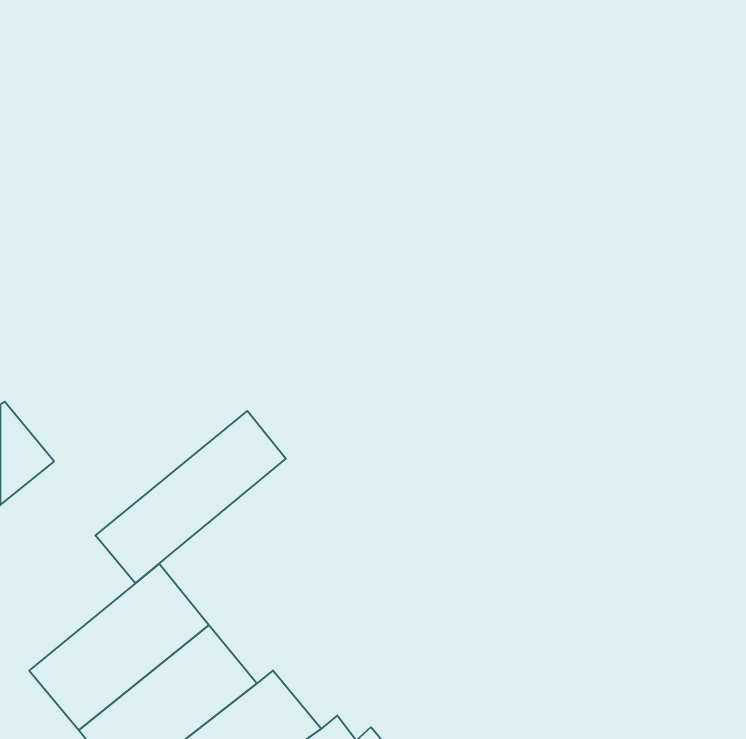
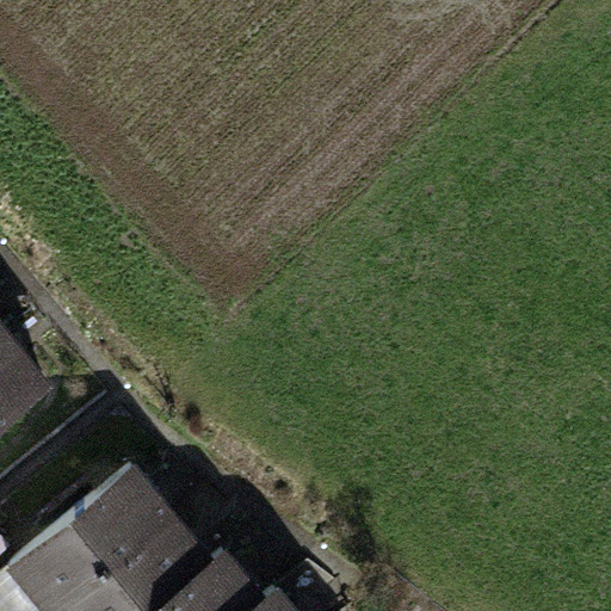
building: [95,411,286,583] -> none

